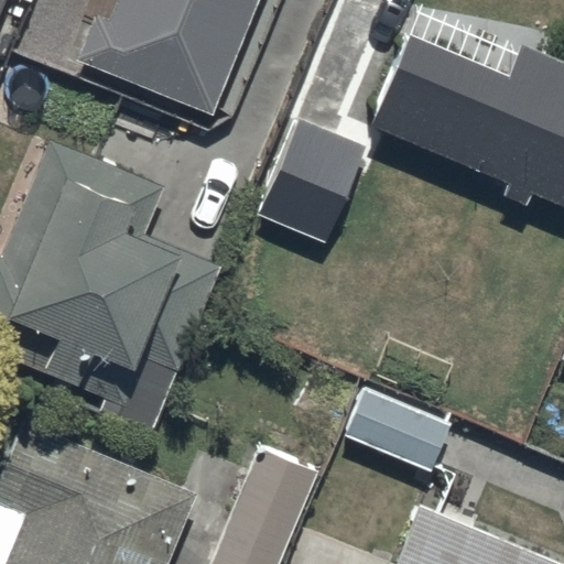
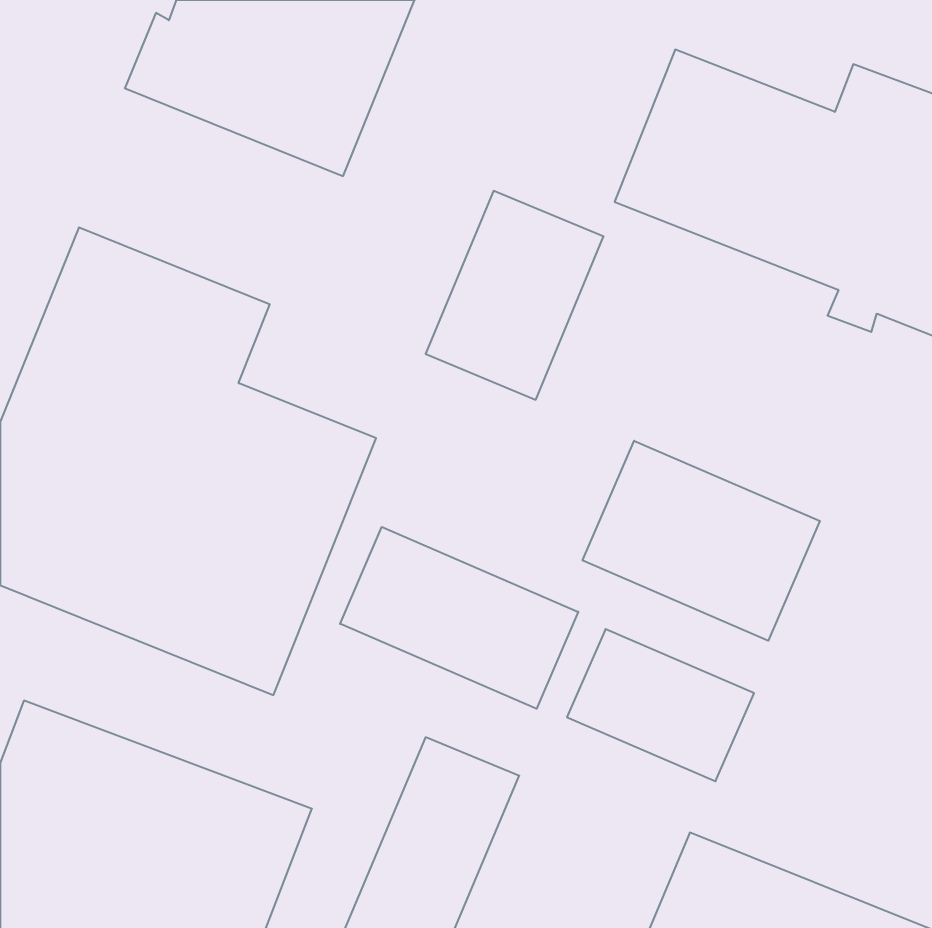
building: none -> [583,441,820,641]
building: none -> [340,527,578,709]

